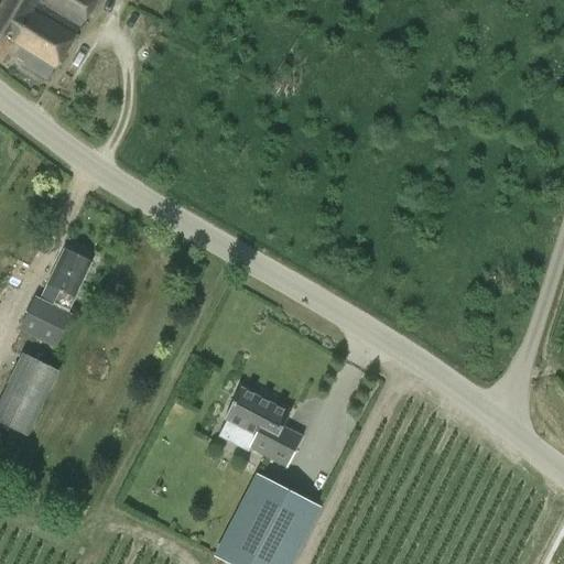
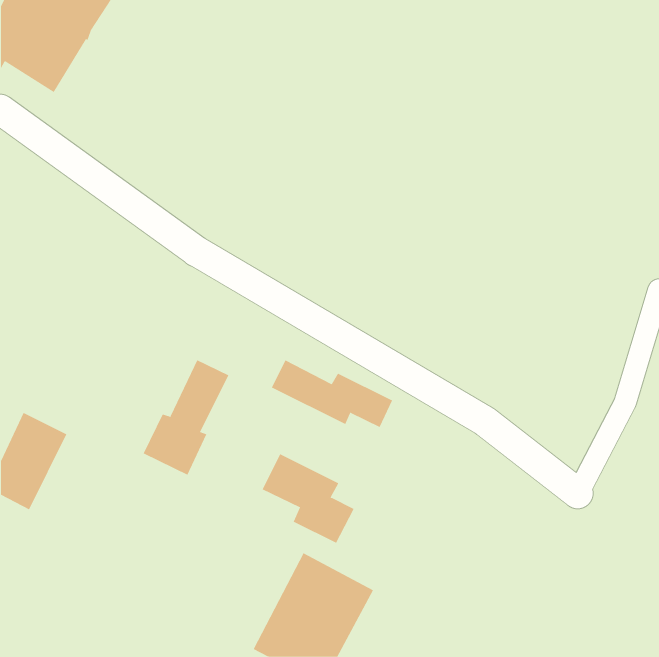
building: [17,249,90,348] -> [143,360,229,476]
building: none -> [271,360,393,428]

